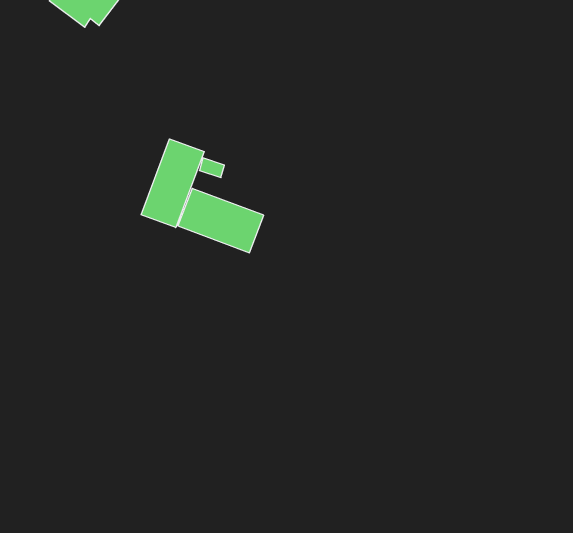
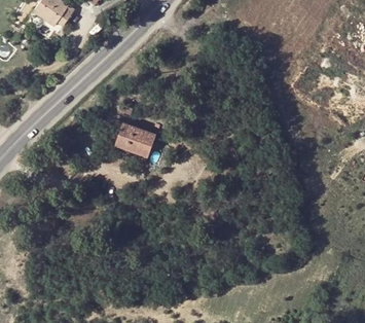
building: [141,139,204,228] -> none

